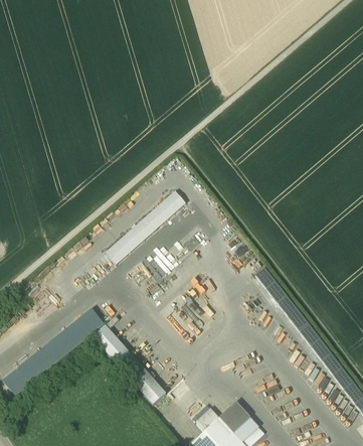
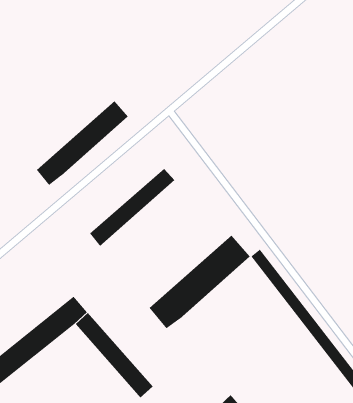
building: none -> [36,100,128,186]
building: none -> [149,235,250,329]

